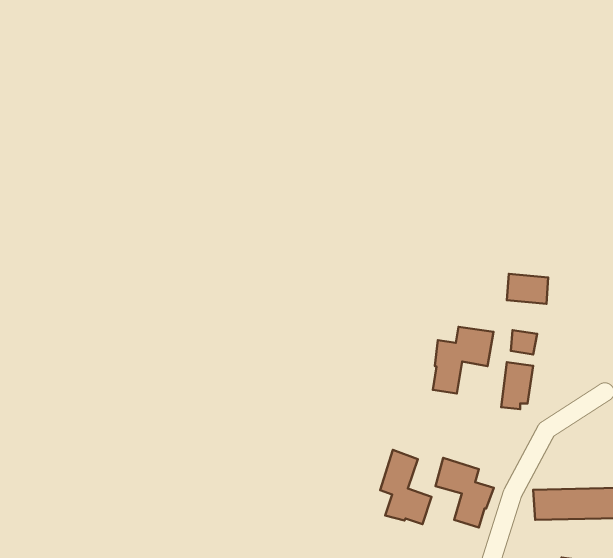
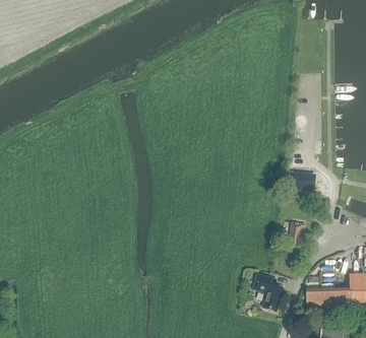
building: [433,327,494,394] -> none
building: [380,450,431,524] -> none

